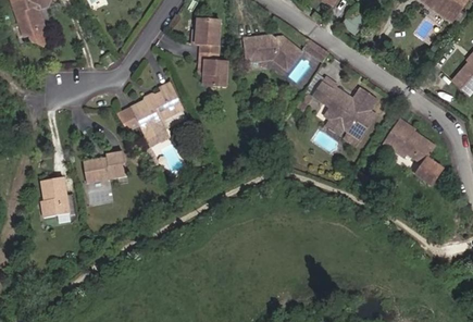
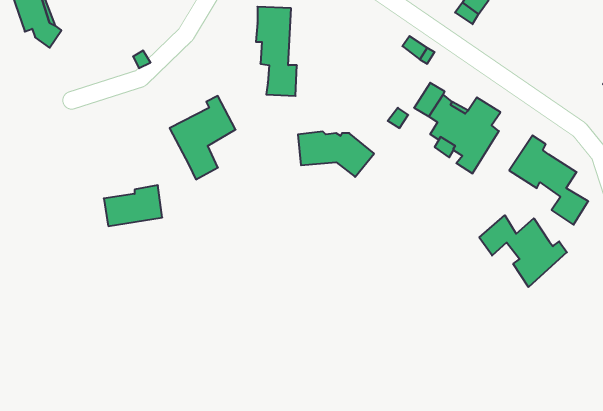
building: [244,37,300,71] -> [298,132,374,177]
building: none -> [479,215,567,287]
building: [39,177,67,218] -> none

